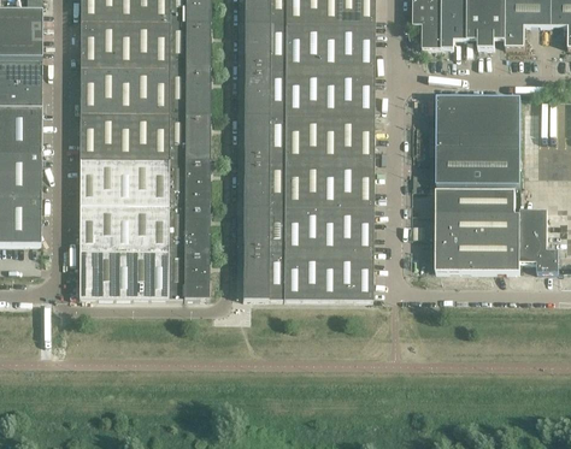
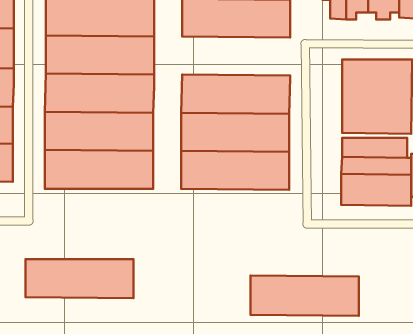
building: [245,67,375,114] -> none
building: [80,250,210,297] -> [25,259,133,298]
building: [243,250,373,299] -> [251,276,359,316]

